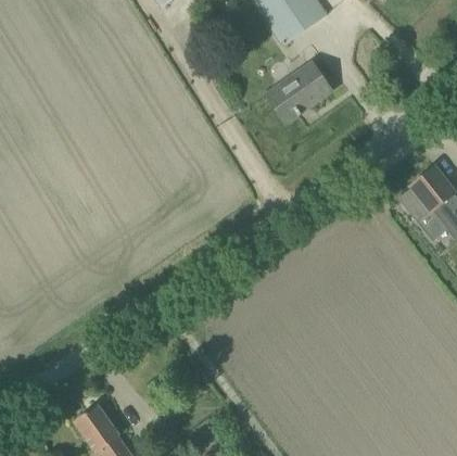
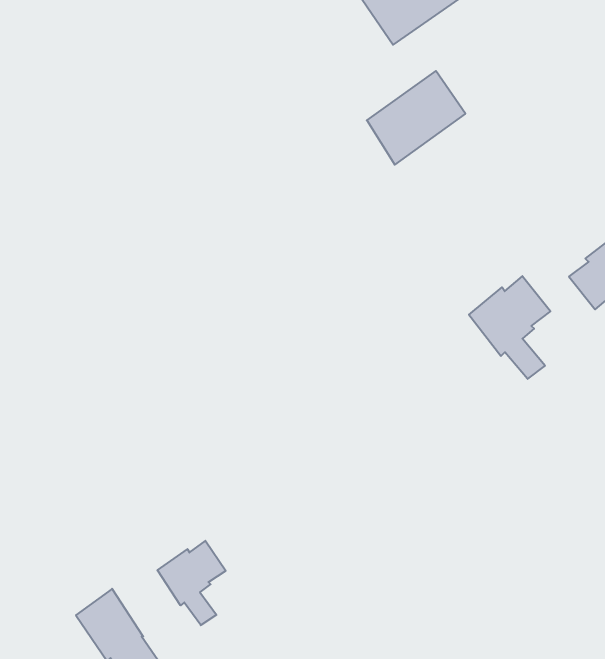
building: none -> [469,276,550,379]
building: none -> [157,541,226,625]

